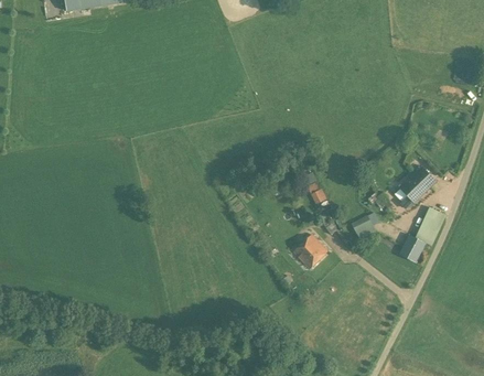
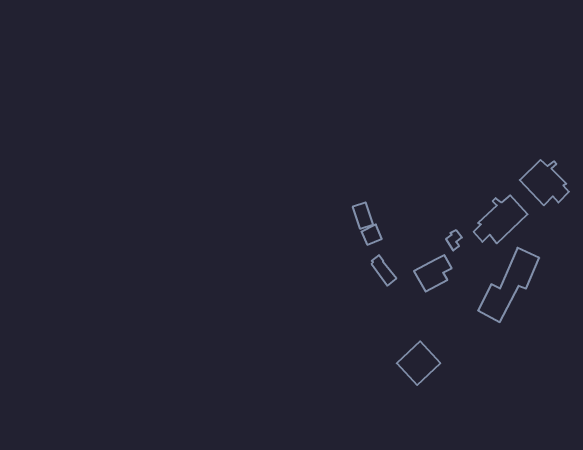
building: none -> [520,160,569,205]
building: [294,235,327,268] -> [397,341,440,385]

